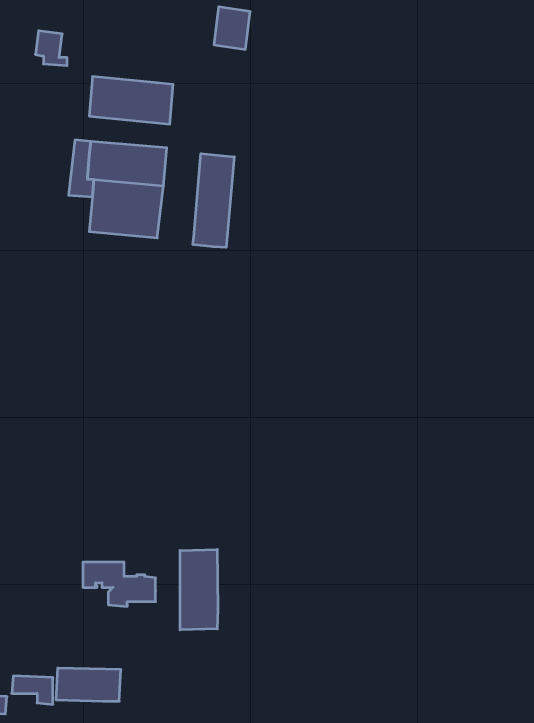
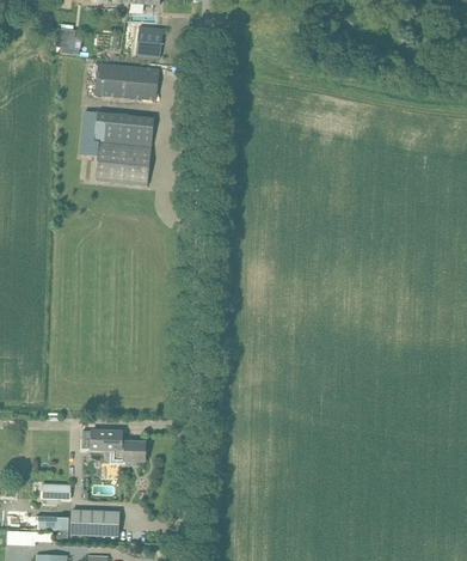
building: [214,7,250,49] -> [135,25,162,57]
building: [193,154,234,247] -> none
building: [180,549,218,630] -> none
building: none -> [37,483,69,508]

